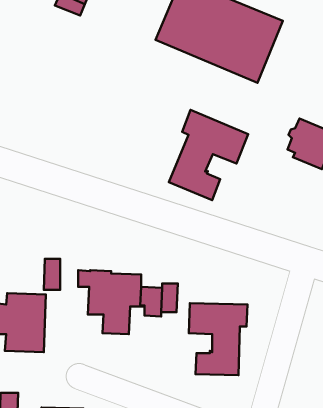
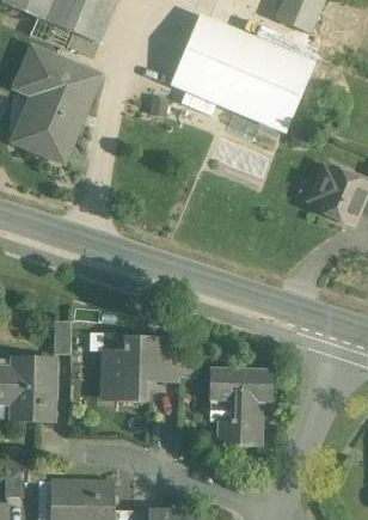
building: none -> [14,48,96,159]
building: [169,110,248,200] -> none

